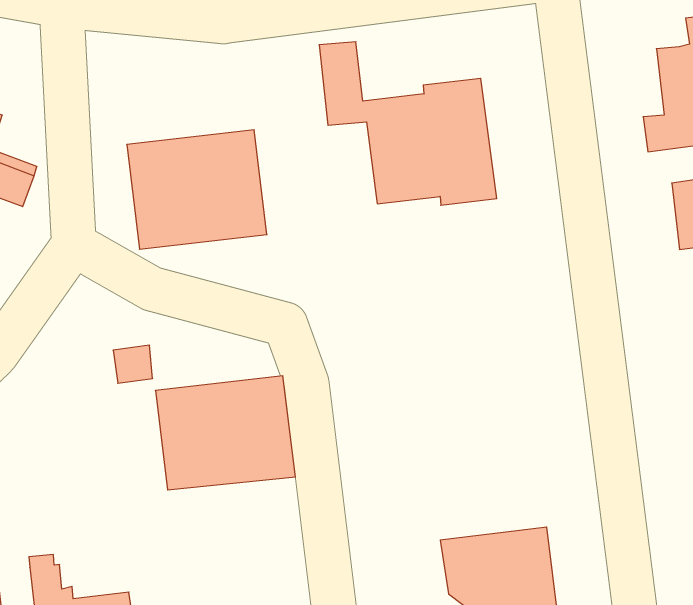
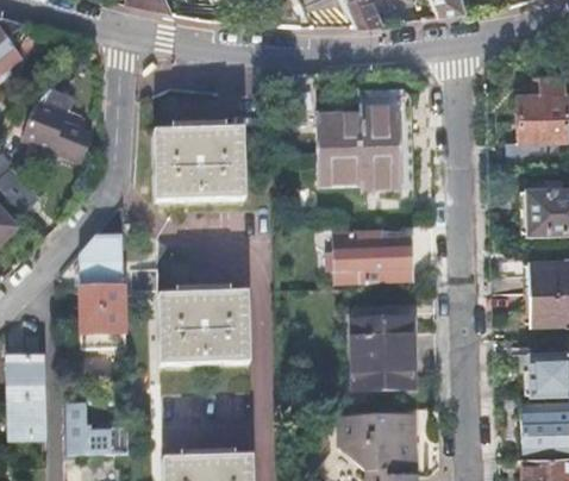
building: none -> [334,231,409,281]
building: none -> [79,235,127,333]
building: none -> [354,320,414,389]

